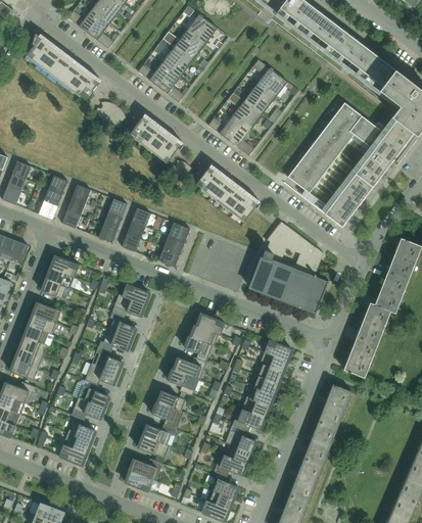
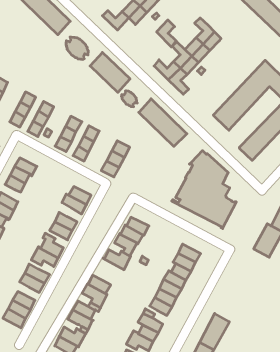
building: [158,69,184,102] -> [157,20,176,47]
building: [343,335,377,377] -> none
building: [169,368,200,395] -> none
building: [318,383,351,428] -> none

